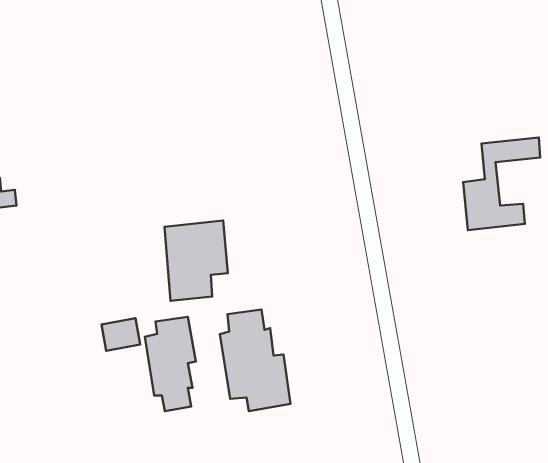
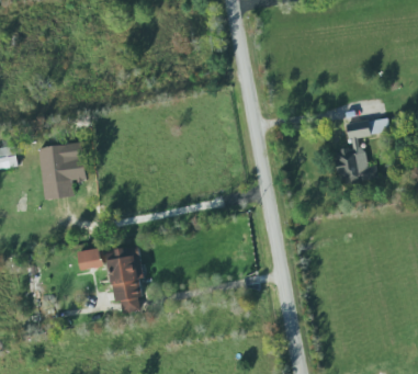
building: [164,221,228,301] -> [39,143,84,200]
building: [220,309,291,411] -> none

